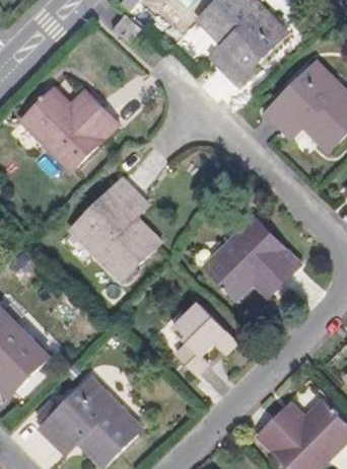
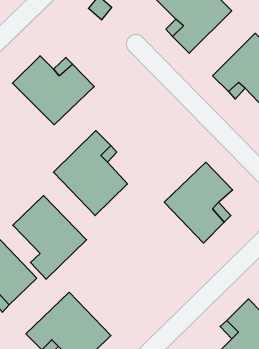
building: none -> [13,196,87,279]
building: [172,303,237,374] -> none

